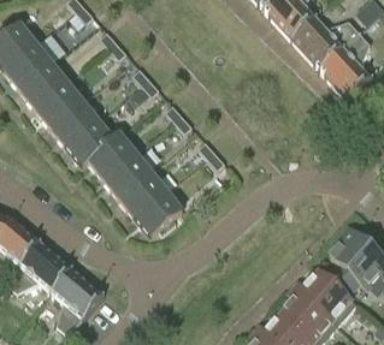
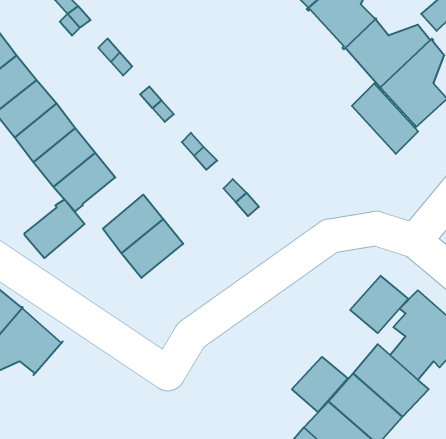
building: none -> [352,83,418,154]
building: [88,133,135,179] -> [24,199,85,258]
building: [134,191,182,238] -> none
building: none -> [350,276,408,333]
building: [49,267,105,338] -> none
building: none -> [292,357,348,412]

